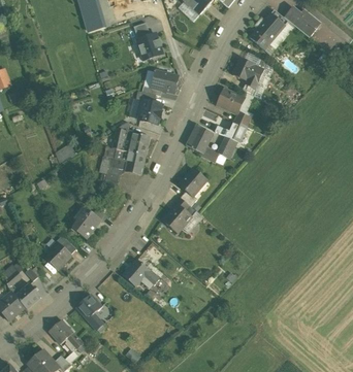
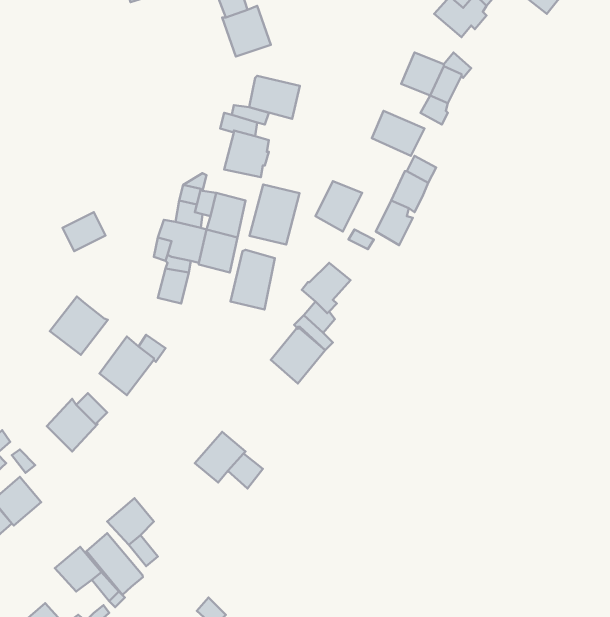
building: none -> [250,184,300,245]
building: none -> [230,250,275,310]
building: none -> [50,296,108,355]
building: none -> [86,533,143,595]

